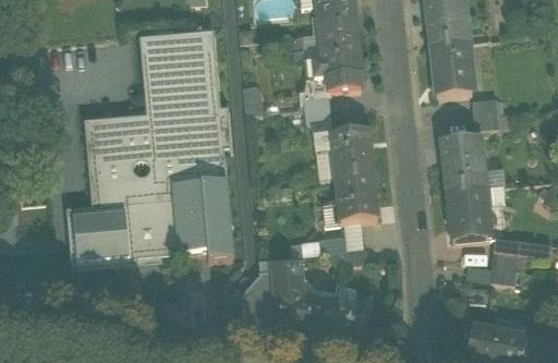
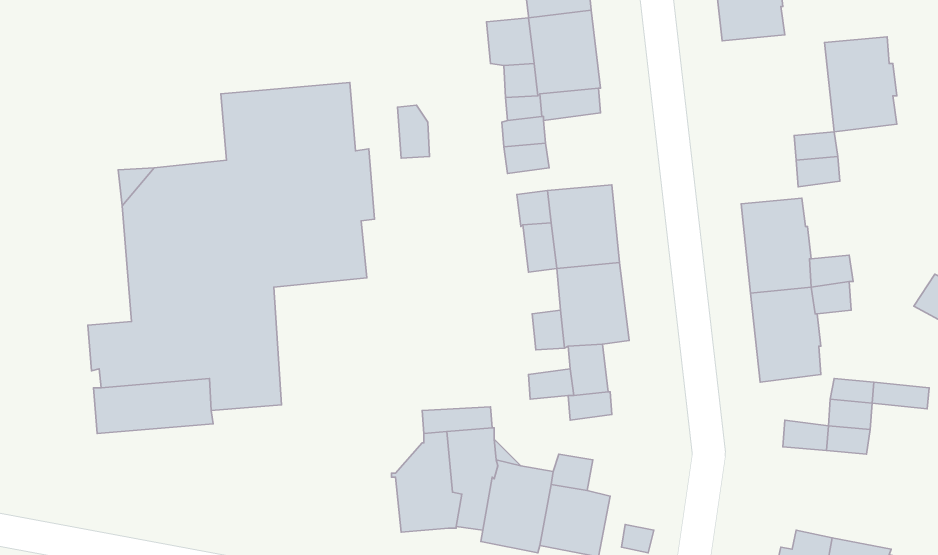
building: [140,31,217,75] -> none
building: [430,41,472,96] -> [825,37,897,132]
building: [173,181,233,259] -> none

